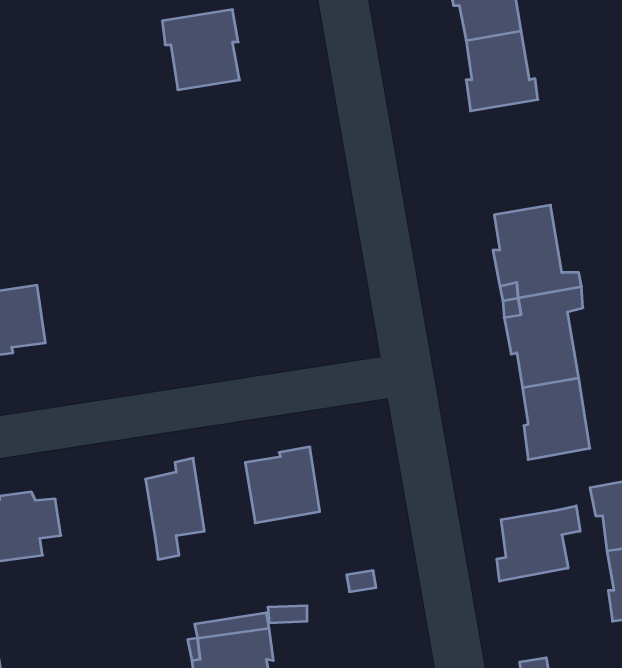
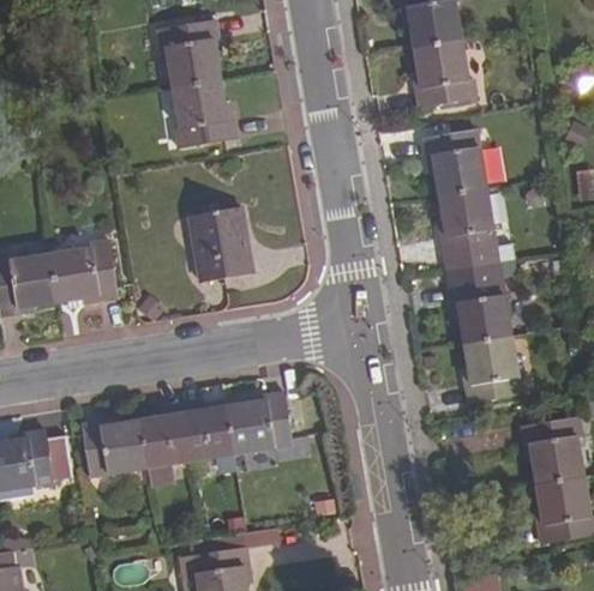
building: none -> [170,79,235,147]
building: none -> [424,128,487,194]
building: none -> [188,206,253,282]
building: none -> [49,239,118,303]
building: none -> [182,399,235,464]
building: none -> [83,420,150,478]
building: [497,506,580,581] -> none

